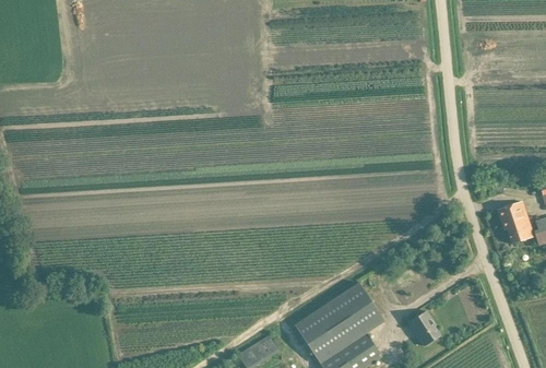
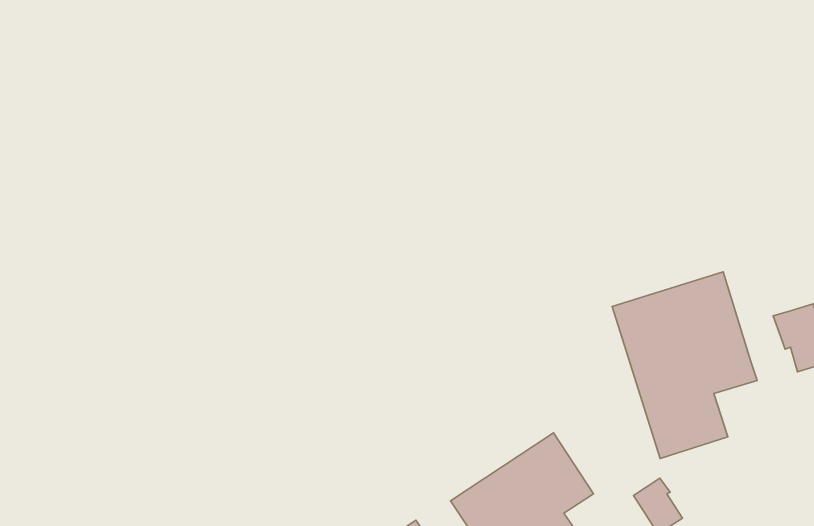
building: none -> [612,272,757,459]

